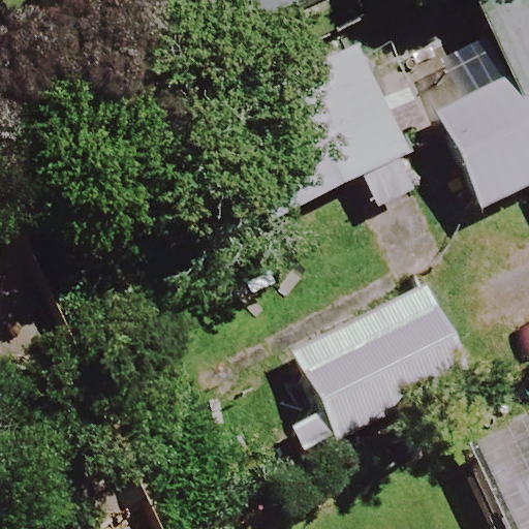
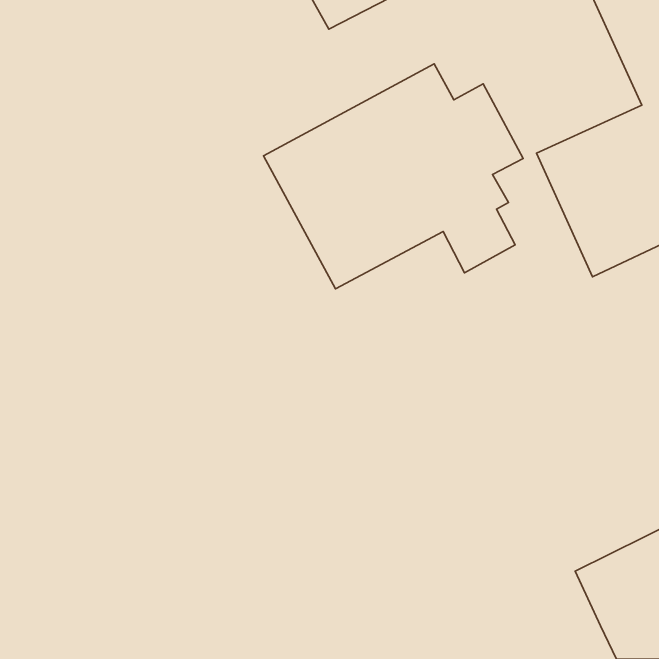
building: [283,290,469,459] -> none

